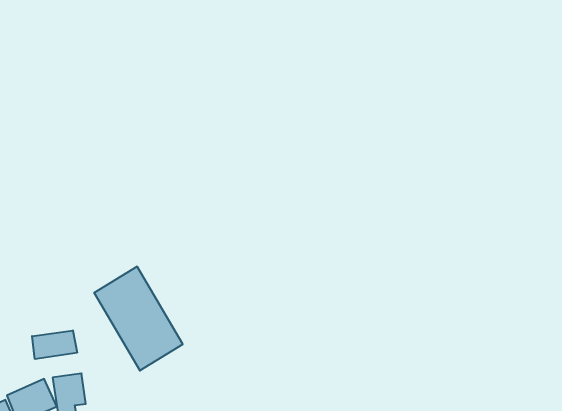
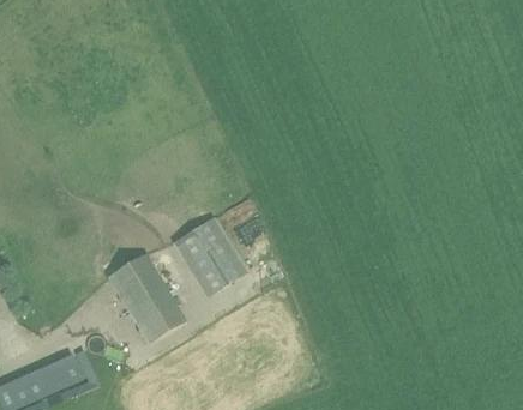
building: none -> [184,231,241,293]
building: [32,330,77,359] -> none

